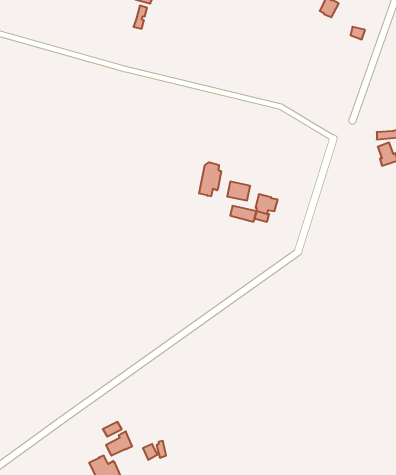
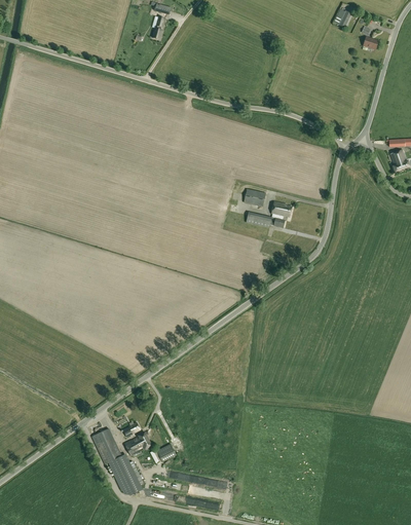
building: [199,162,221,196] -> none
building: none -> [91,429,119,464]

